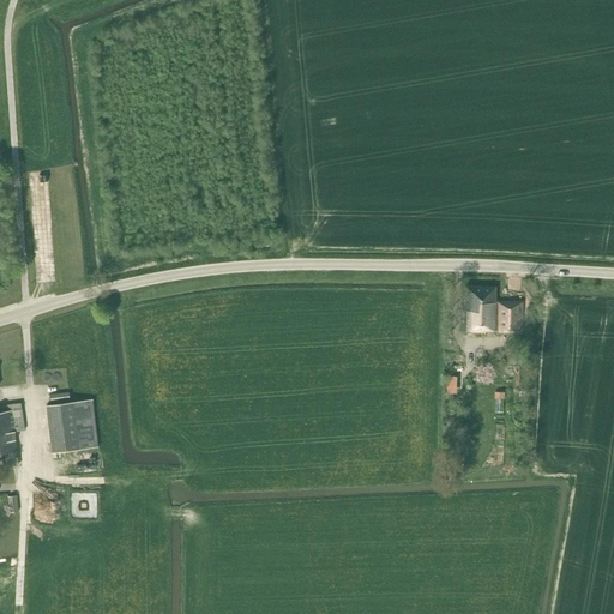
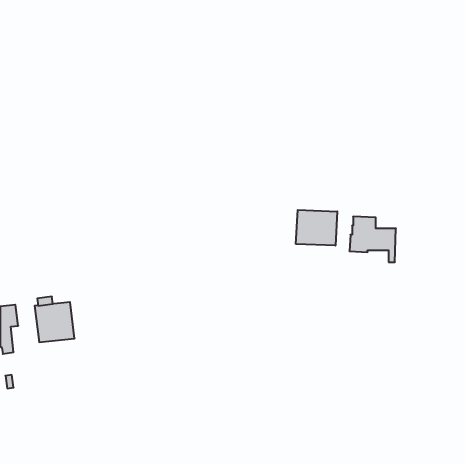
building: none -> [296,210,337,246]

